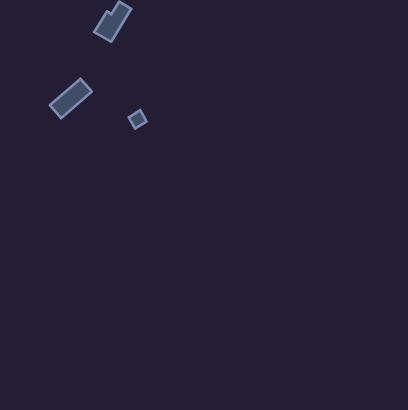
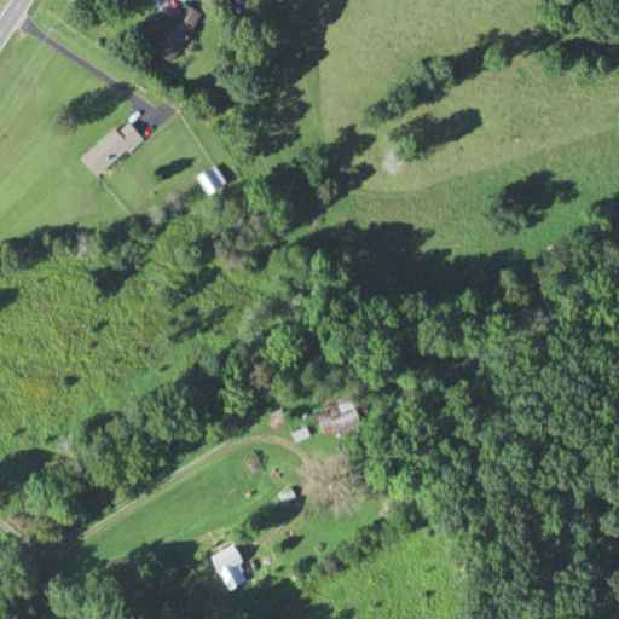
building: none -> [323,395,361,436]
building: none -> [210,545,251,590]

